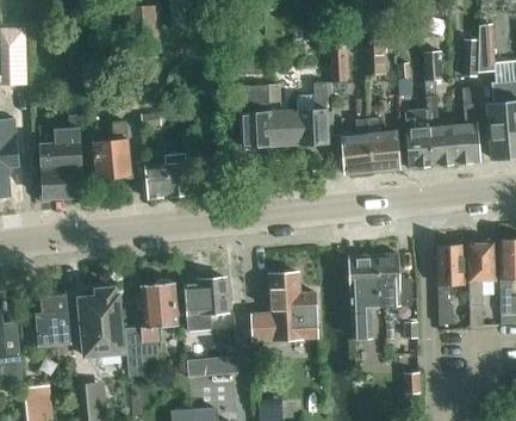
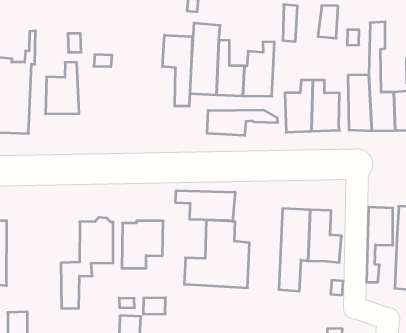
building: none -> [162,35,192,106]
building: [144,153,188,200] -> none
building: none -> [207,110,278,136]
building: none -> [176,191,235,222]
building: [80,287,125,355] -> none

